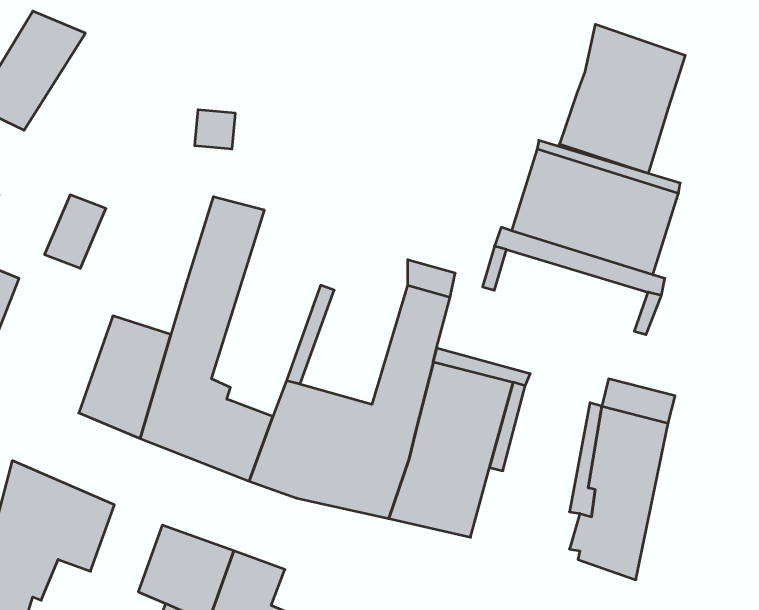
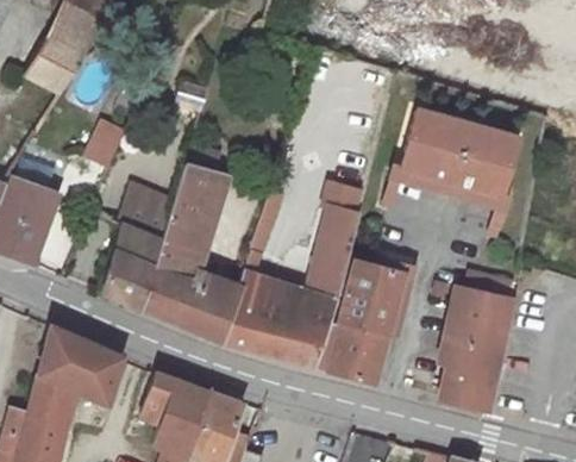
building: [559,24,685,173] -> none
building: none -> [123,191,174,238]

